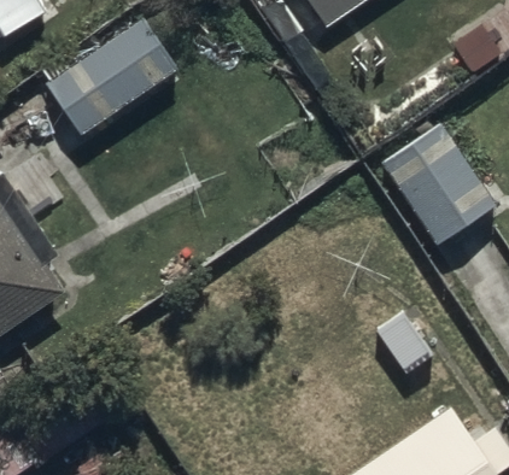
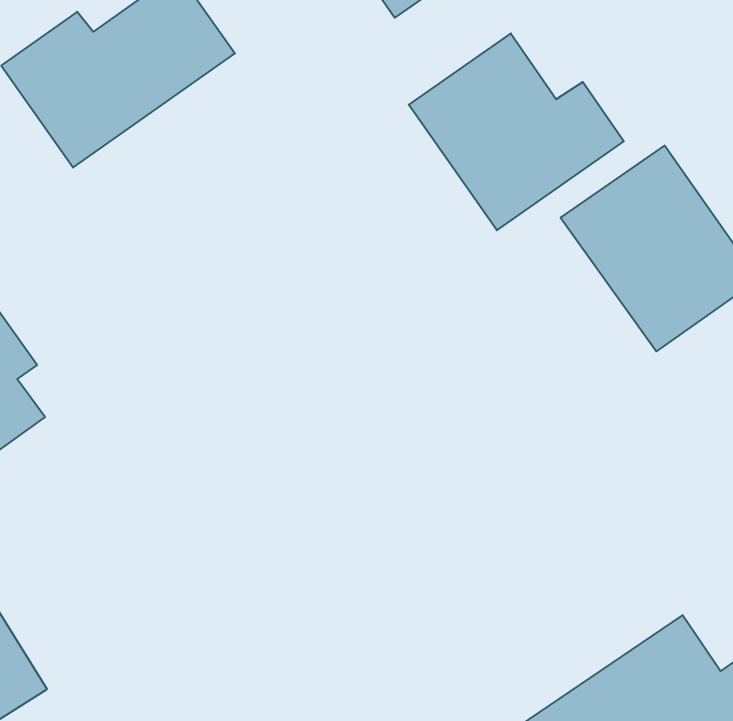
building: none -> [409,33,624,230]

